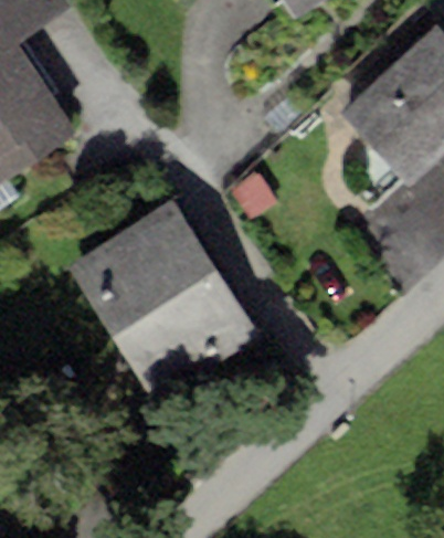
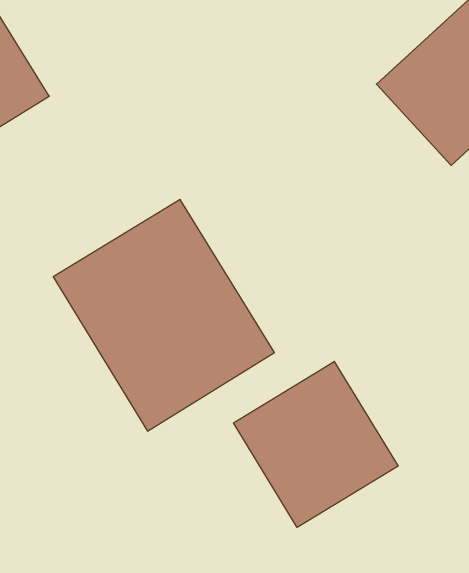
building: none -> [233,361,398,527]

